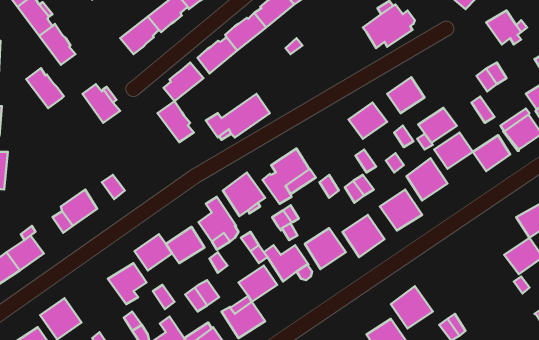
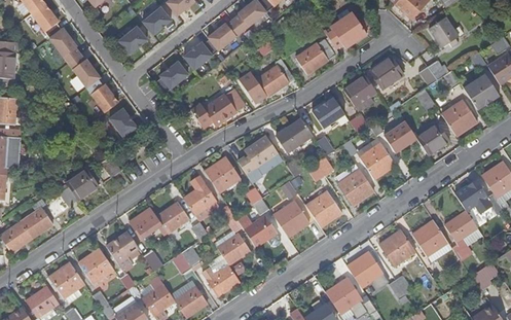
building: none -> [293,39,331,74]
building: none -> [239,58,294,102]
building: [26,68,64,108] -> [67,54,99,87]
building: [158,101,194,142] -> [107,107,138,142]
building: [418,108,457,143] -> [370,56,403,85]
building: none -> [277,116,313,150]
building: none -> [412,220,447,255]
building: none -> [379,229,415,264]
building: none -> [79,248,114,283]

